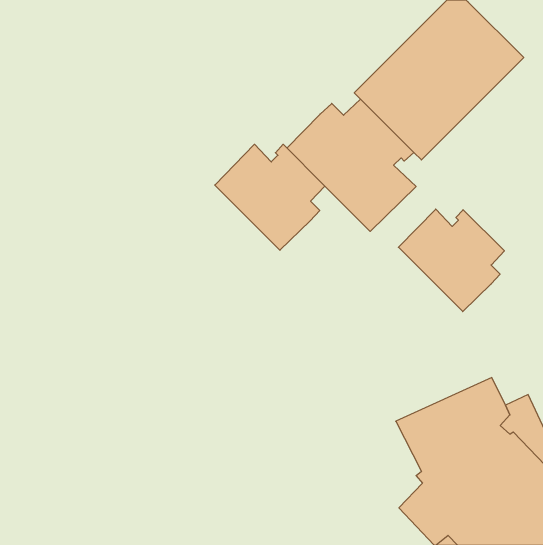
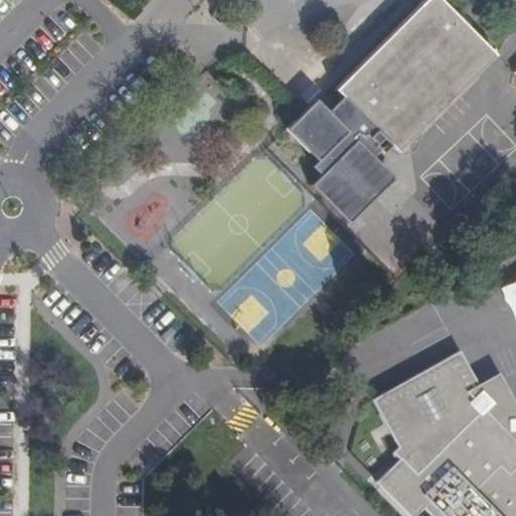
building: [215,144,325,250] -> none
building: [398,209,504,312] -> none

